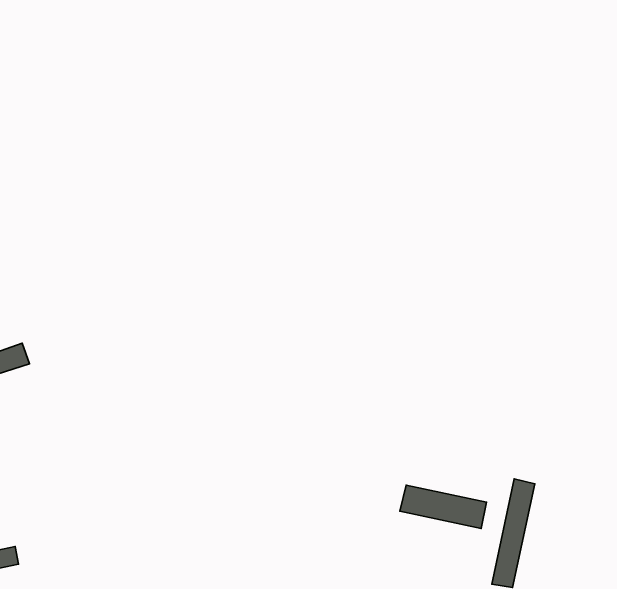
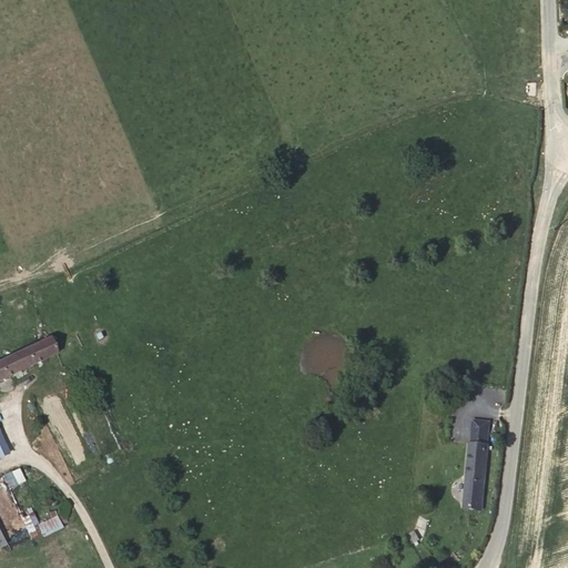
building: [400,485,486,529] -> none

